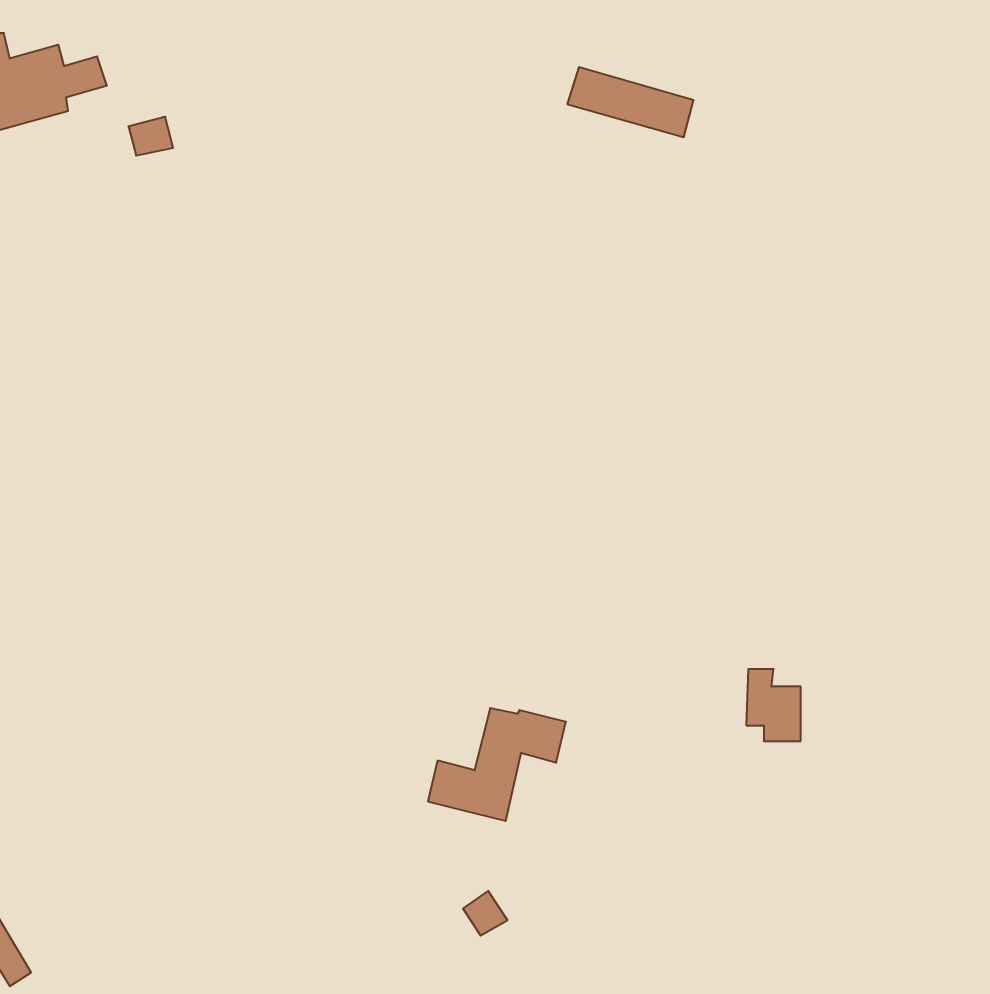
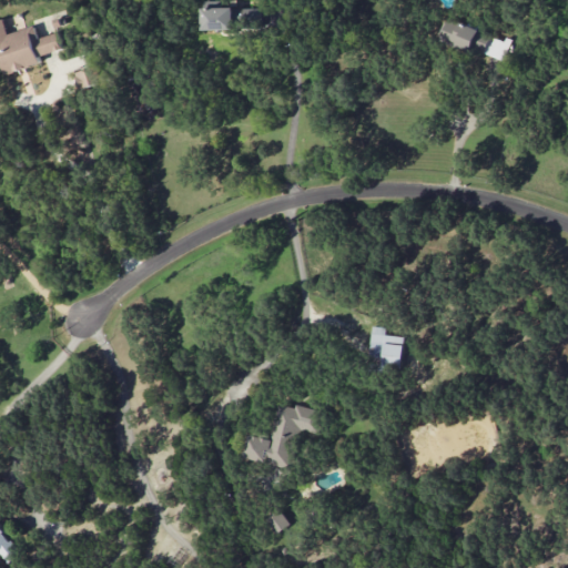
building: none -> [199,7,232,30]
building: [567,67,694,137] -> [437,20,509,60]
building: [746,669,801,741] -> [368,326,399,367]

